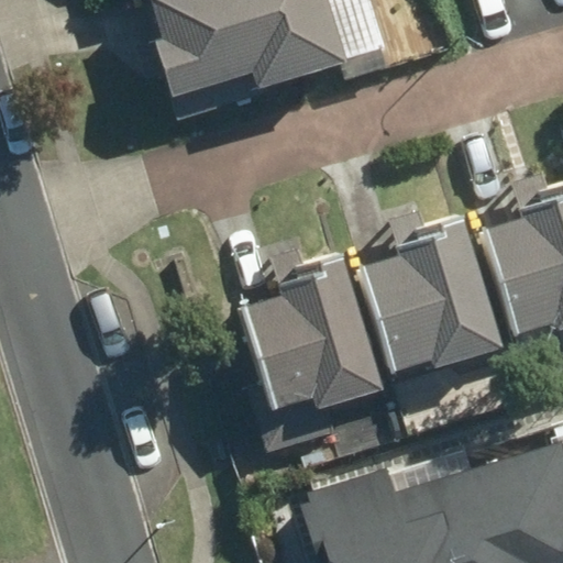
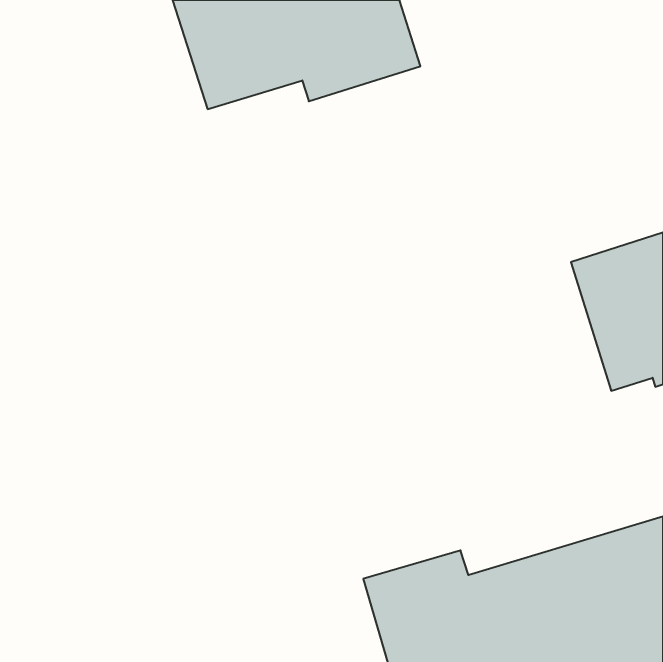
building: [360,227,509,369] -> none
building: [233,265,388,410] -> none

